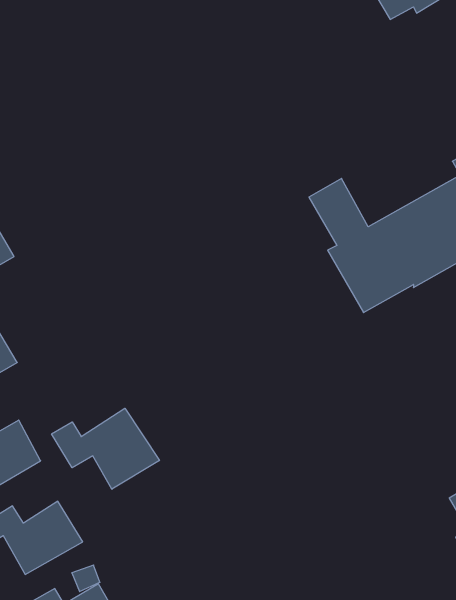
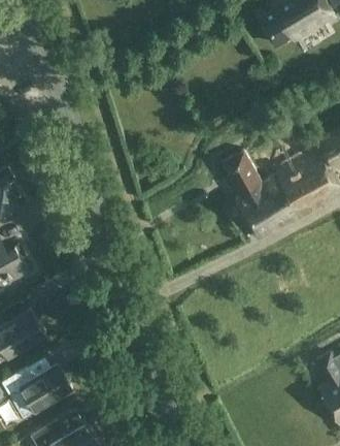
building: [52,408,159,489] -> none

